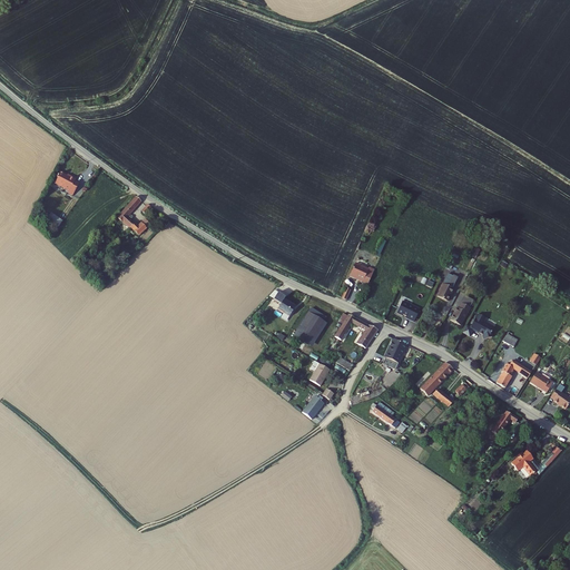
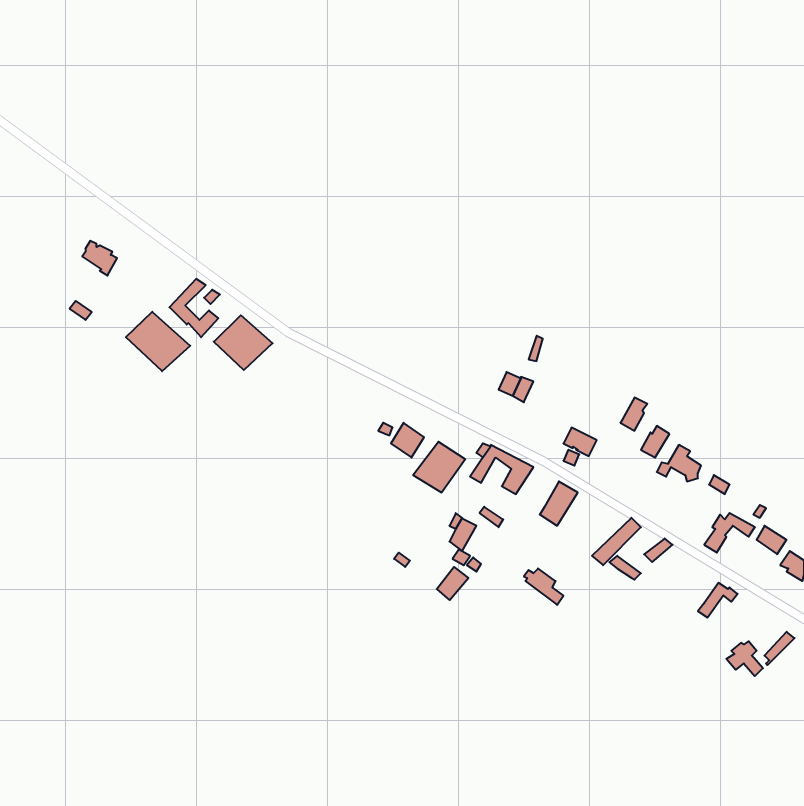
building: none -> [126,312,190,371]
building: none -> [214,315,273,370]

